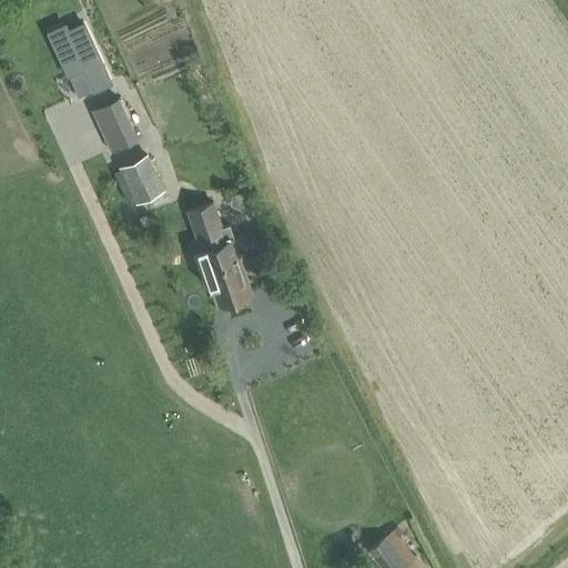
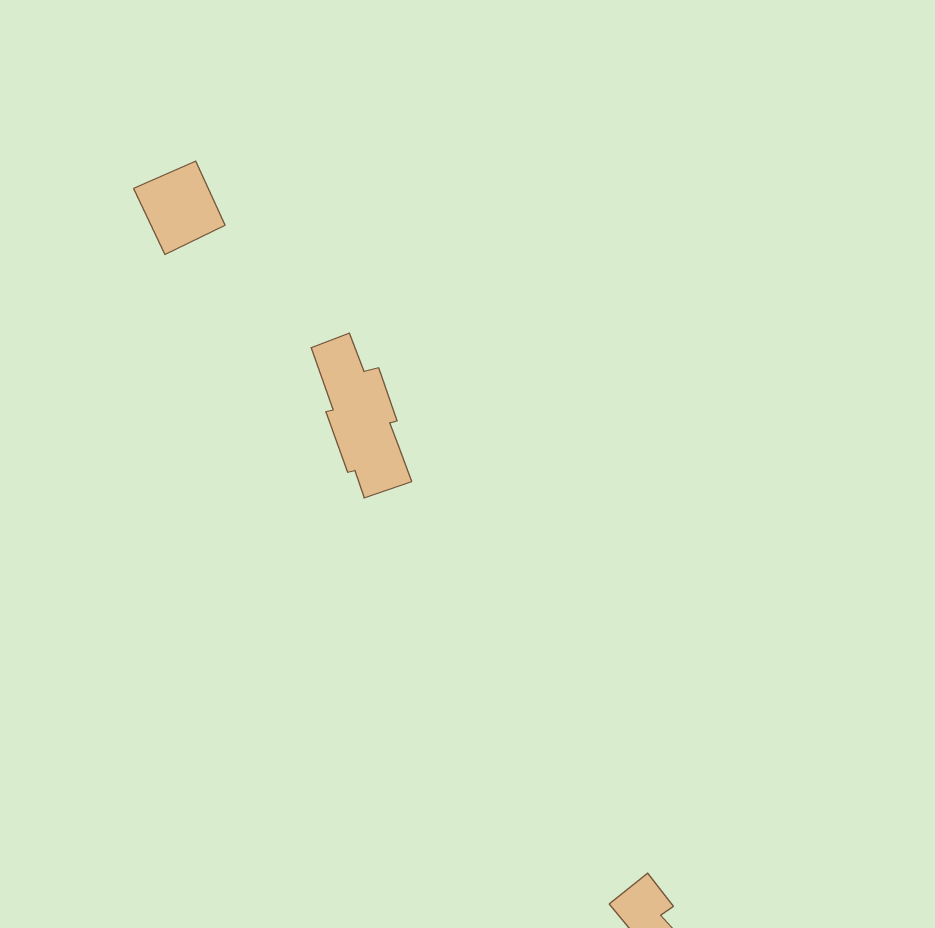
building: [47,26,114,91] -> none
building: [119,156,164,206] -> none

